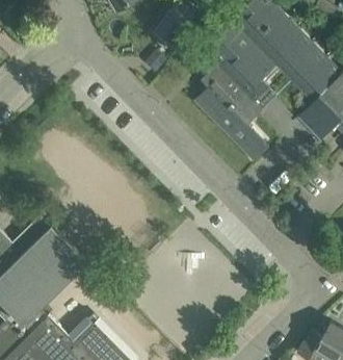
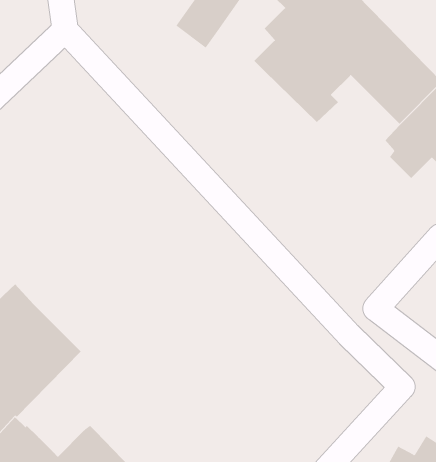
building: [193,65,268,161] -> none

